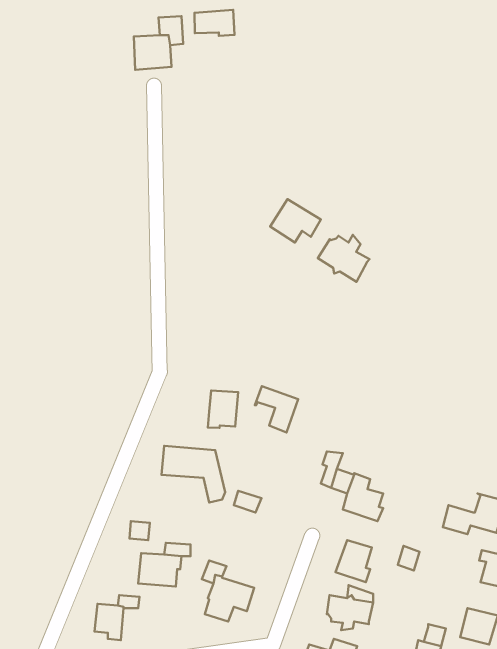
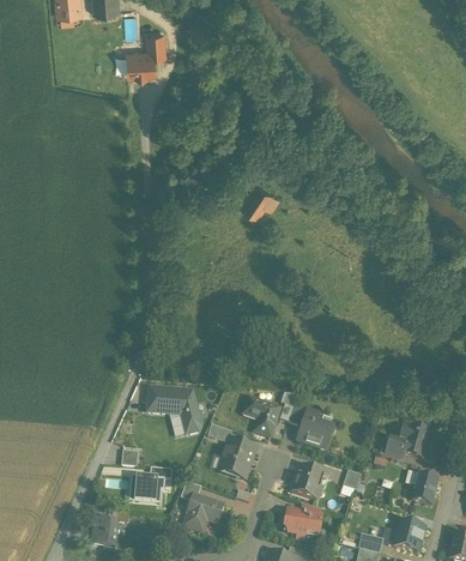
building: [194,10,235,36] -> none
building: [318,235,369,282] -> none
building: [255,386,298,433] -> [243,397,279,435]
building: [208,390,238,428] -> none
building: none -> [219,438,255,478]

